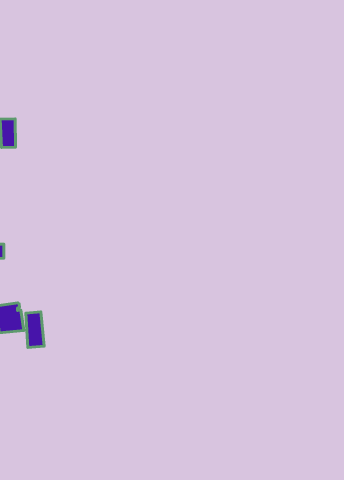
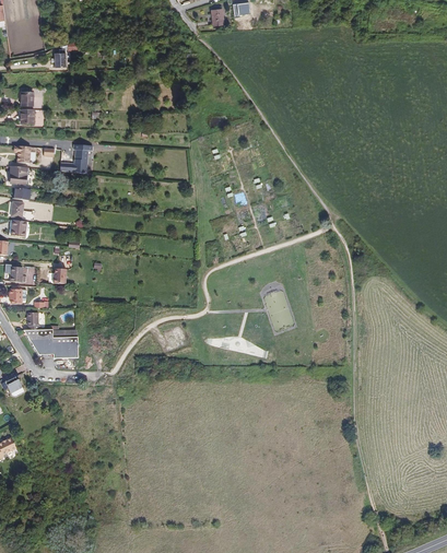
building: [26,312,44,348] -> none

